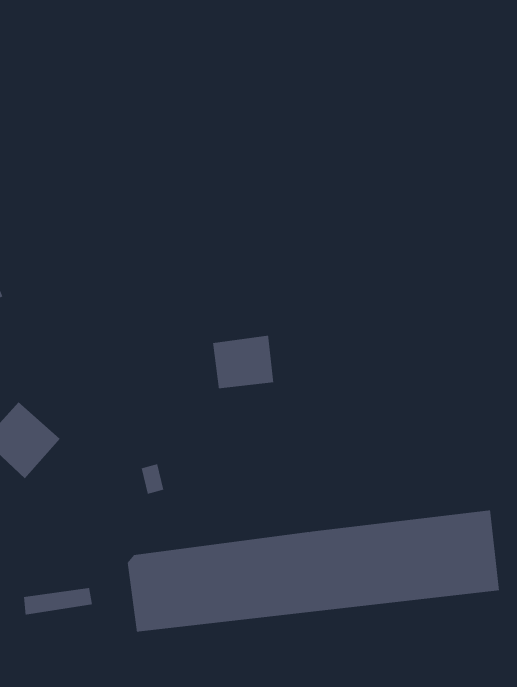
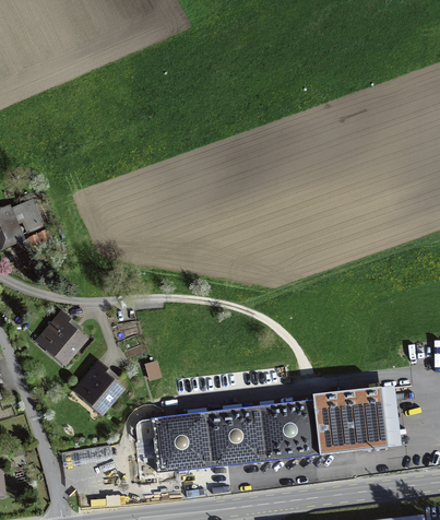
building: [212,335,274,389] -> none
building: none -> [71,359,121,413]

